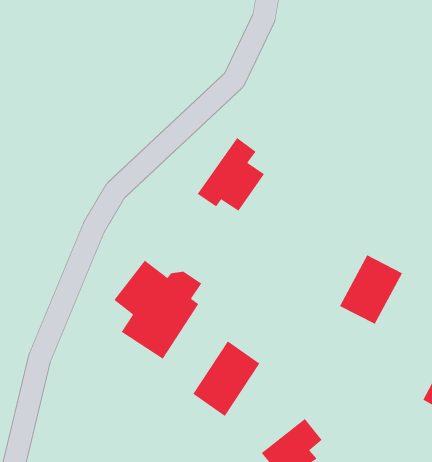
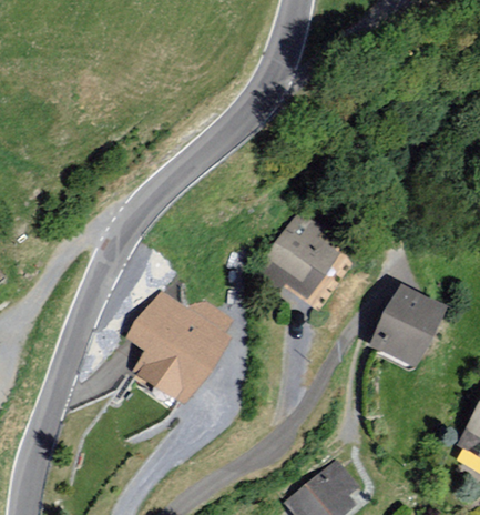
building: [197,137,265,211] -> [262,213,335,293]
building: [192,341,260,417] -> none

